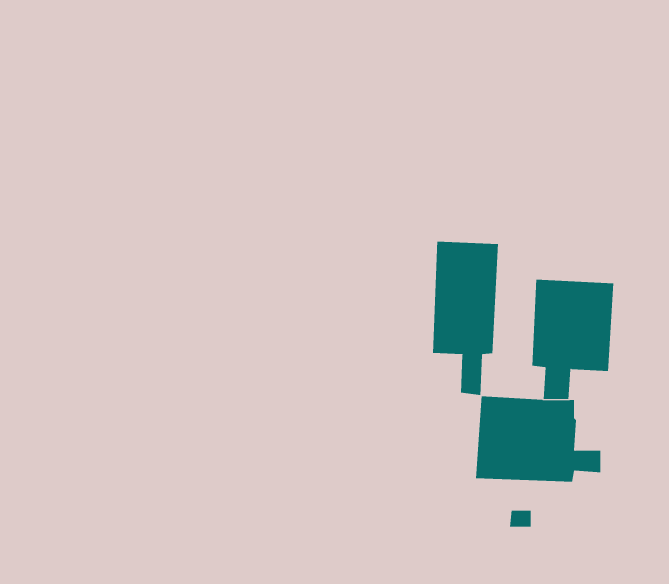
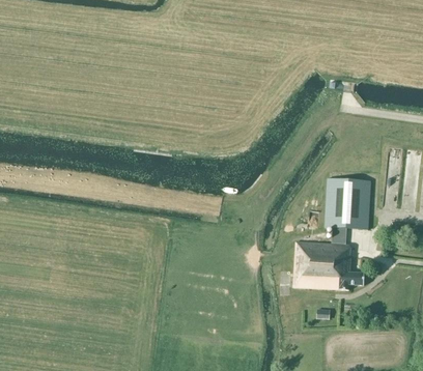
building: [433,241,499,396] -> none

